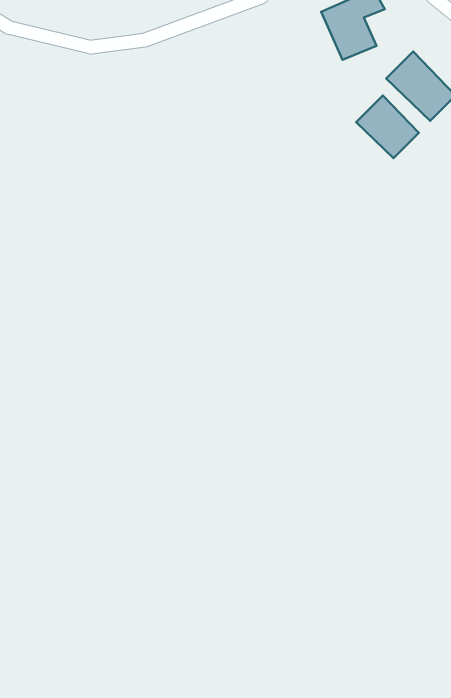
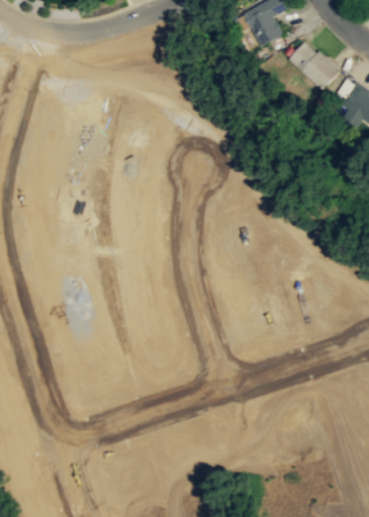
building: [356,96,419,158] -> none

